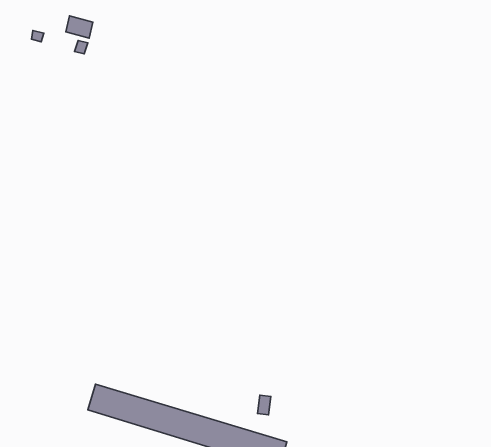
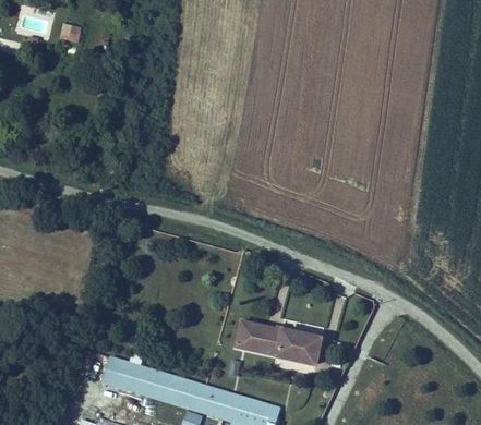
building: none -> [232,316,316,364]

